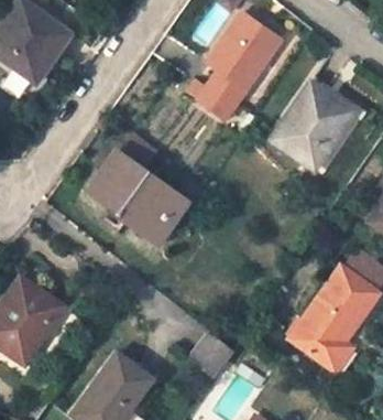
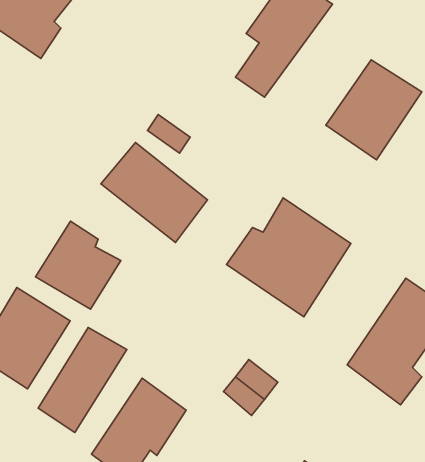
building: none -> [226,198,351,317]
building: none -> [36,221,121,309]
building: none -> [38,328,127,432]

